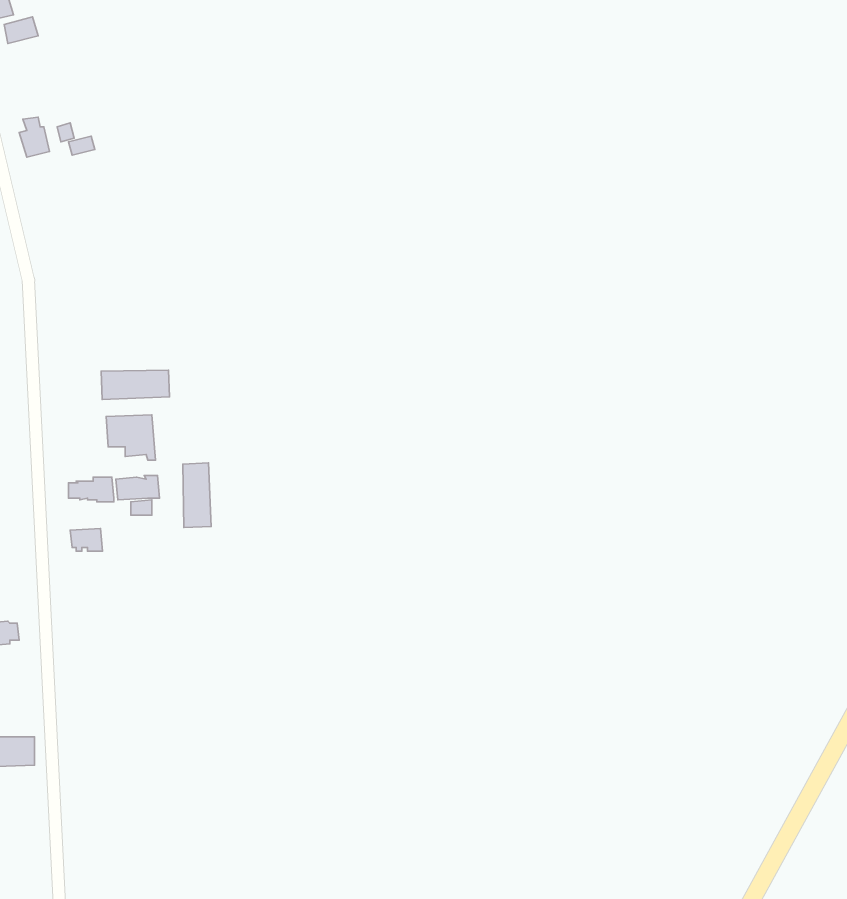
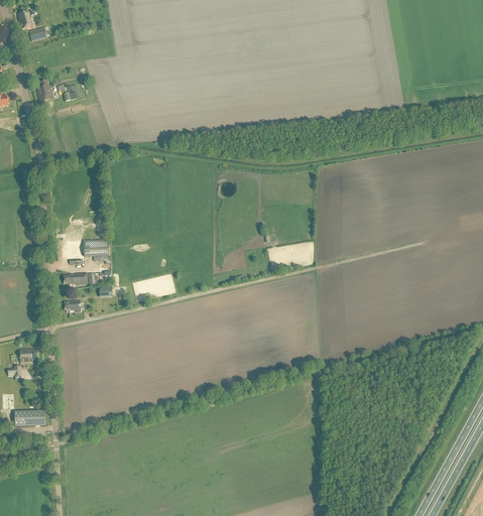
building: [101,370,170,400] -> none
building: [183,463,211,528] -> none

